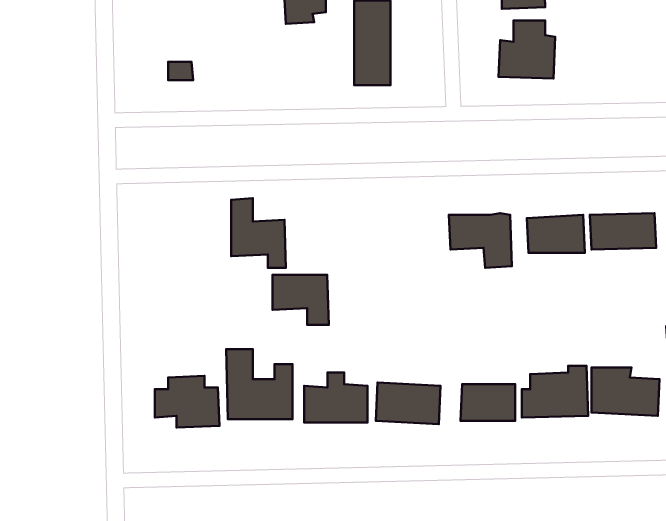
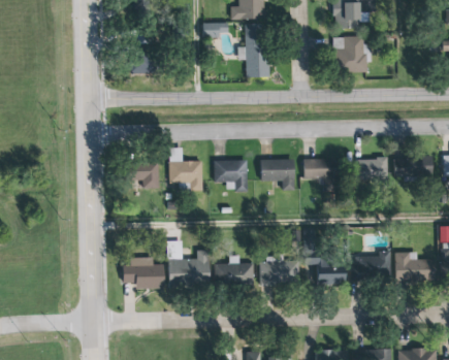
building: none -> [259,159,294,190]
building: none -> [129,162,158,188]
building: [272,275,329,325] -> [213,160,248,191]

